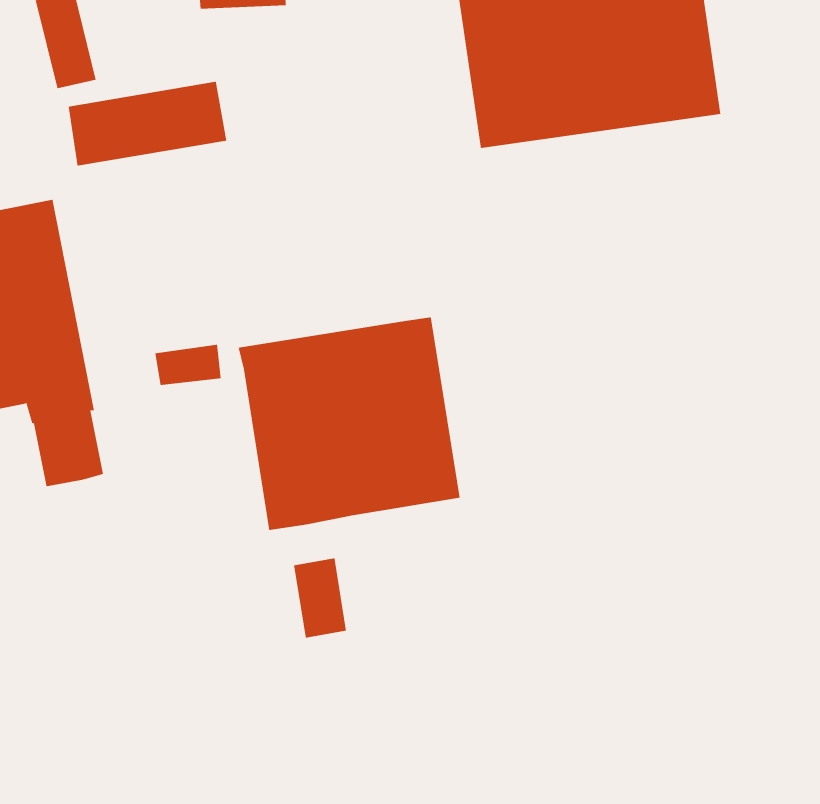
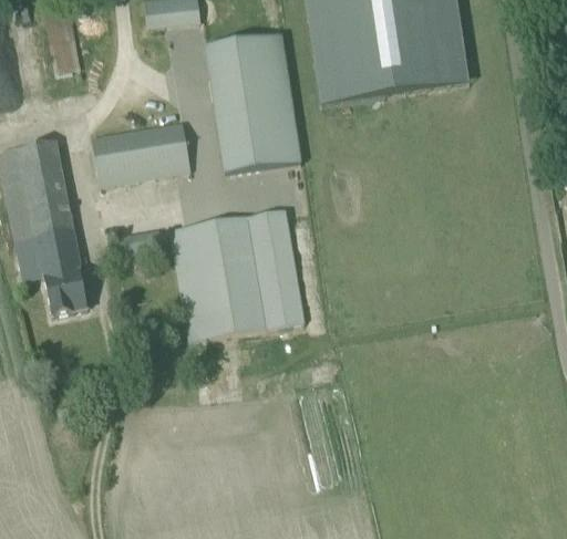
building: none -> [206,33,303,173]
building: [68,81,227,166] -> [92,126,189,178]
building: [293,558,347,638] -> none

